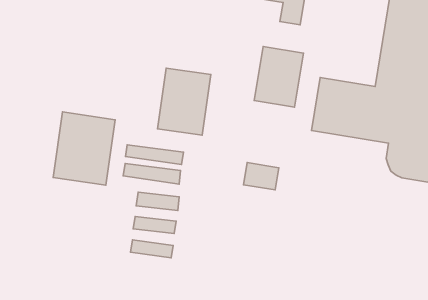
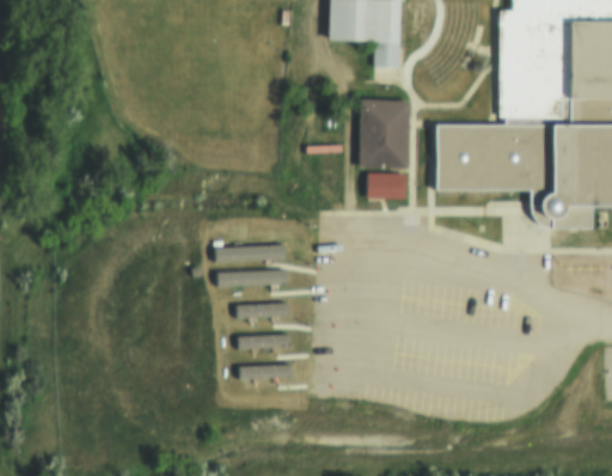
building: [157,68,211,135] -> none
building: [53,112,115,185] -> none
building: [244,163,279,190] -> [367,172,406,200]

